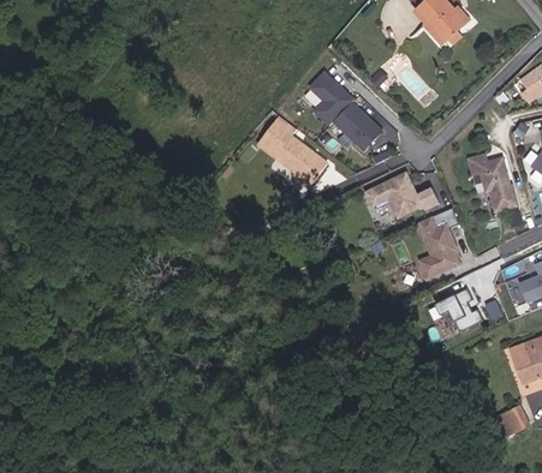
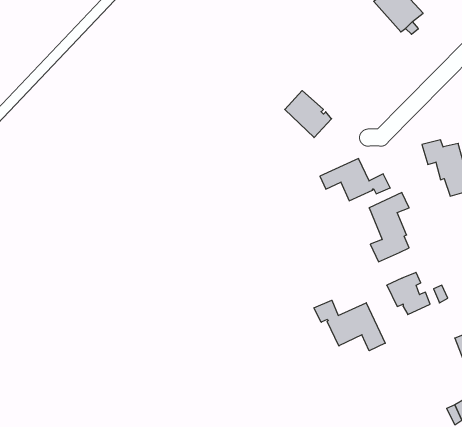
building: [308,71,351,125] -> none
building: [255,115,323,181] -> none
building: none -> [314,300,385,351]

